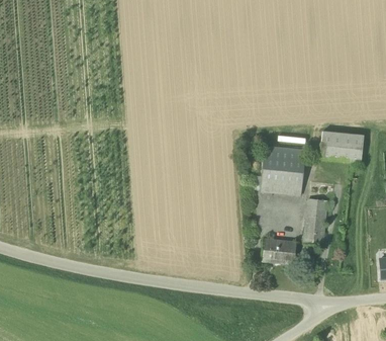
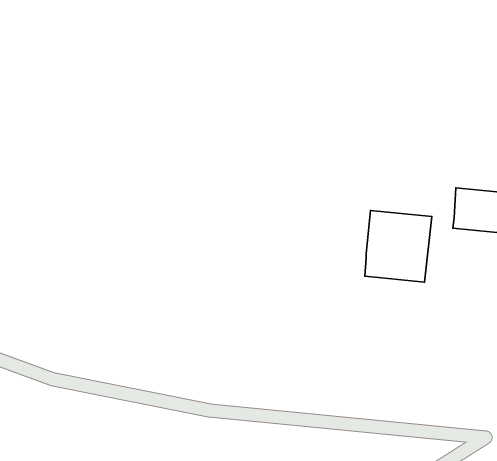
building: [304,196,327,244] -> none
building: [262,238,296,262] -> none

